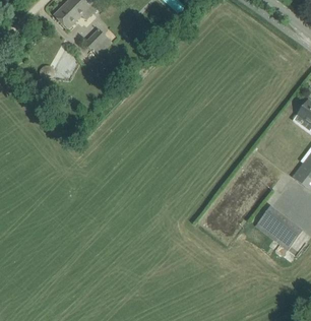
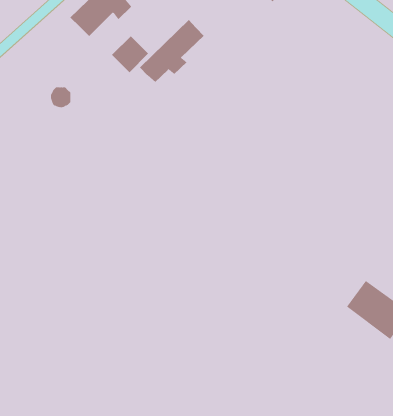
building: none -> [139,19,205,83]

